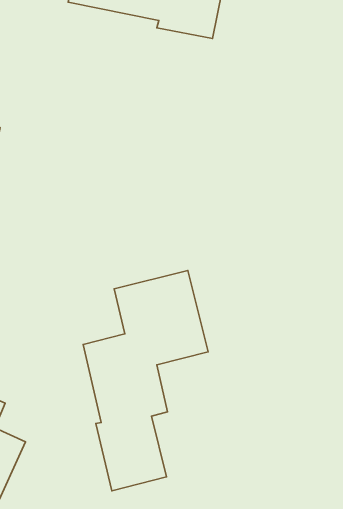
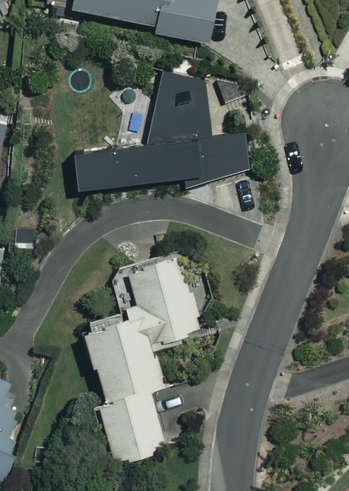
building: none -> [73,76,248,189]

